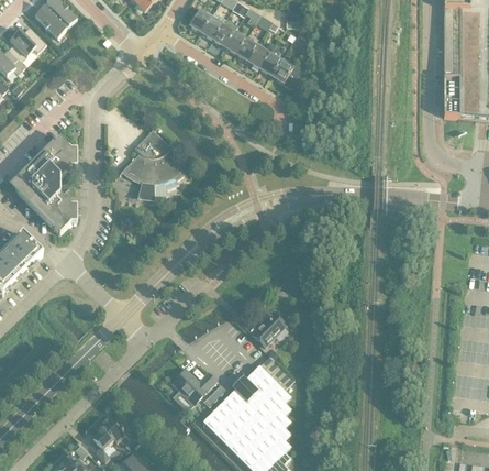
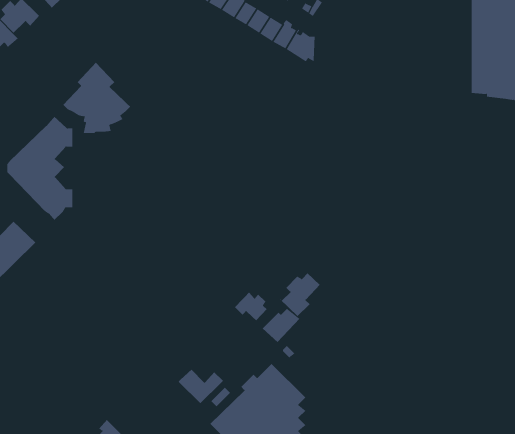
building: [121,129,186,195] -> [63,62,133,133]
building: none -> [279,272,321,317]
building: none -> [234,290,268,321]

